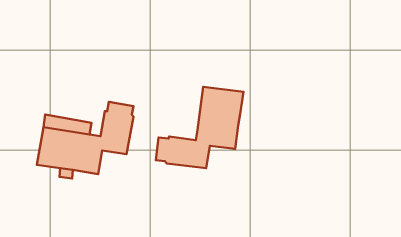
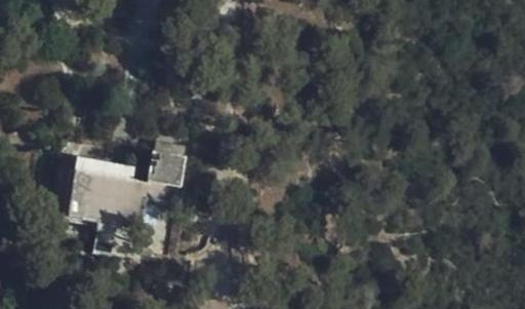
building: [156,87,244,168] -> none

